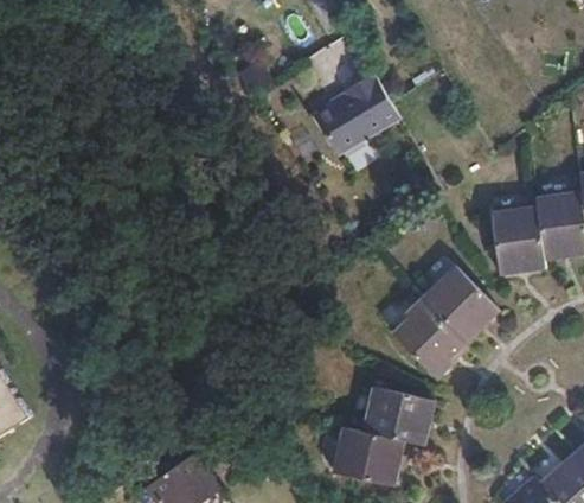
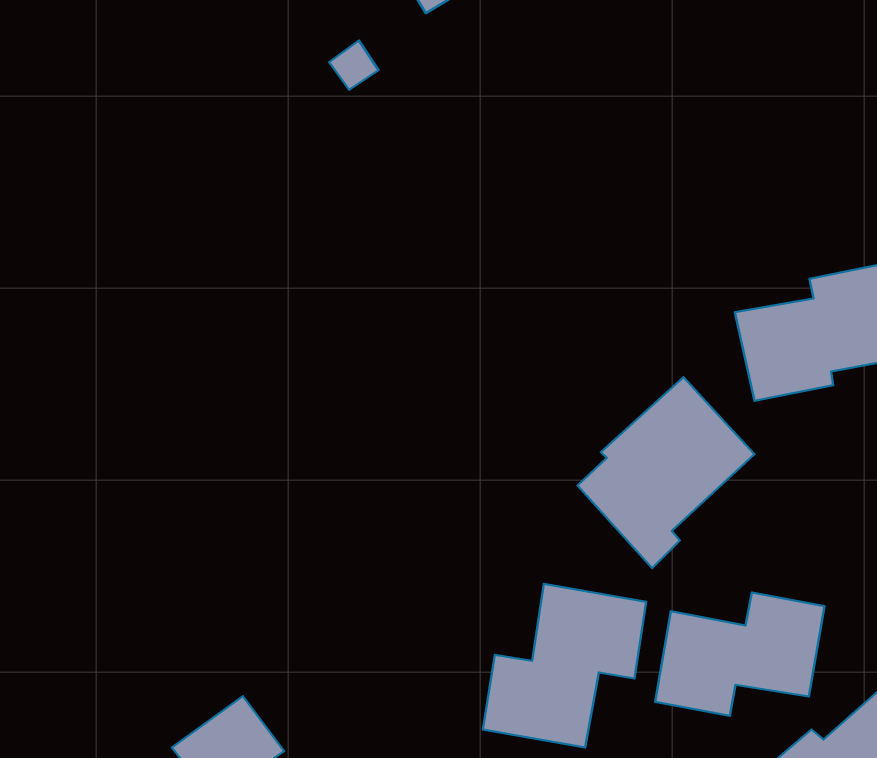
building: [314,71,399,152] -> none
building: none -> [655,592,825,716]

